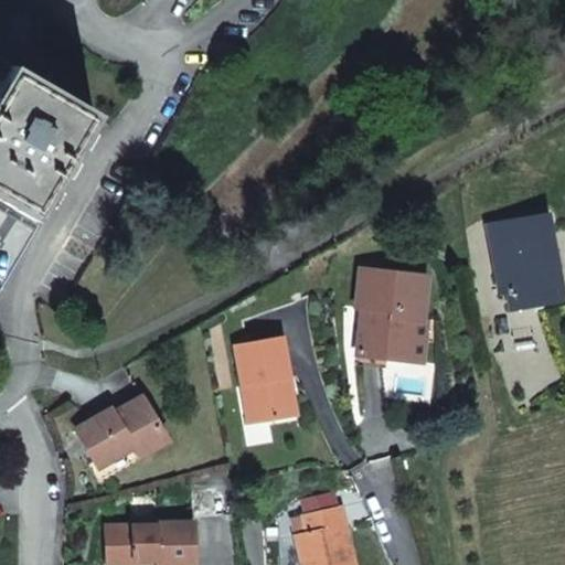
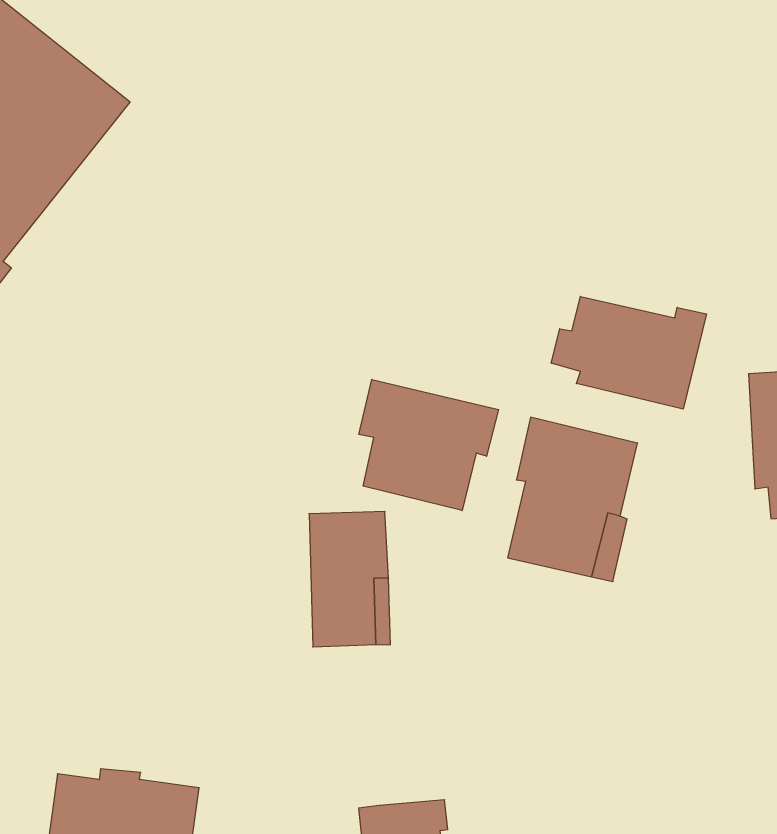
building: none -> [551,296,706,409]
building: none -> [359,379,499,511]
building: [76,394,167,465] -> none

